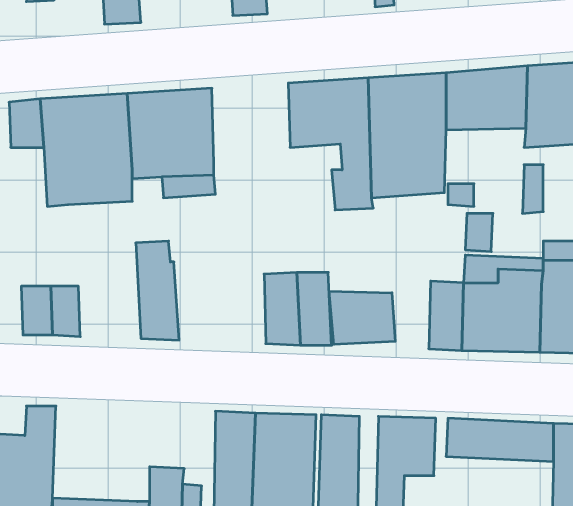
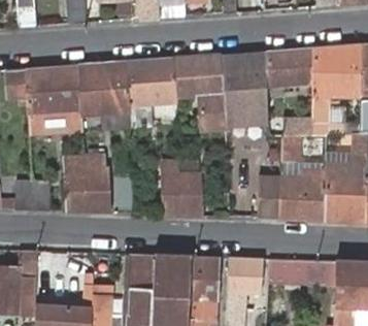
building: none -> [130,59,177,106]
building: none -> [63,154,88,210]
building: [329,291,395,344] -> none

